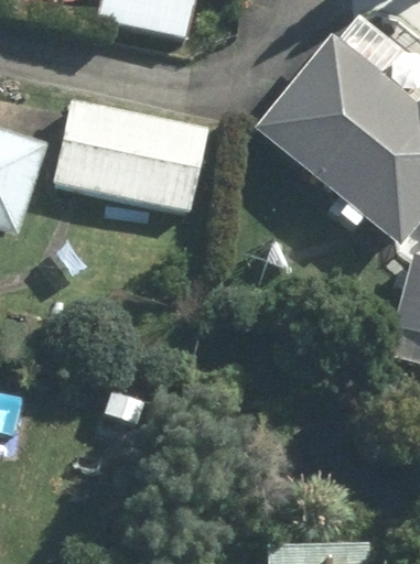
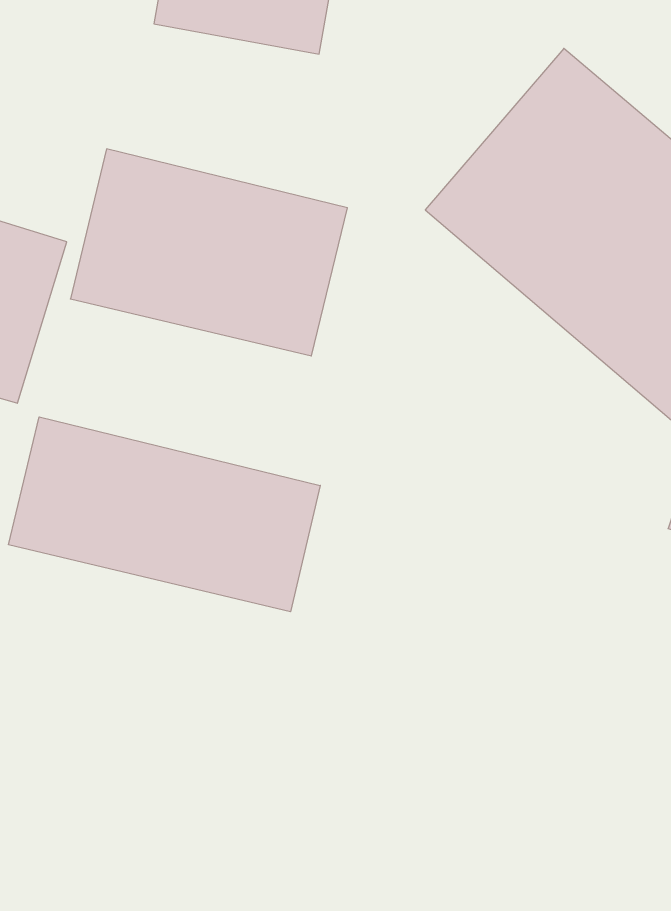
building: none -> [9,417,320,612]

